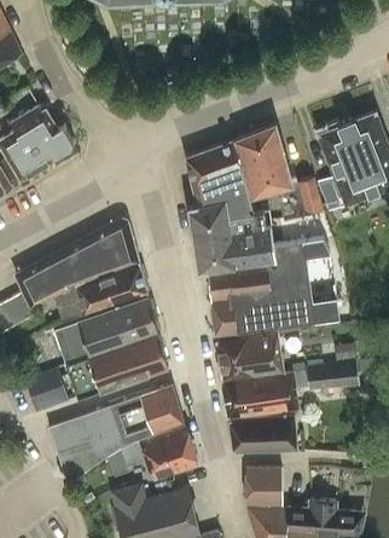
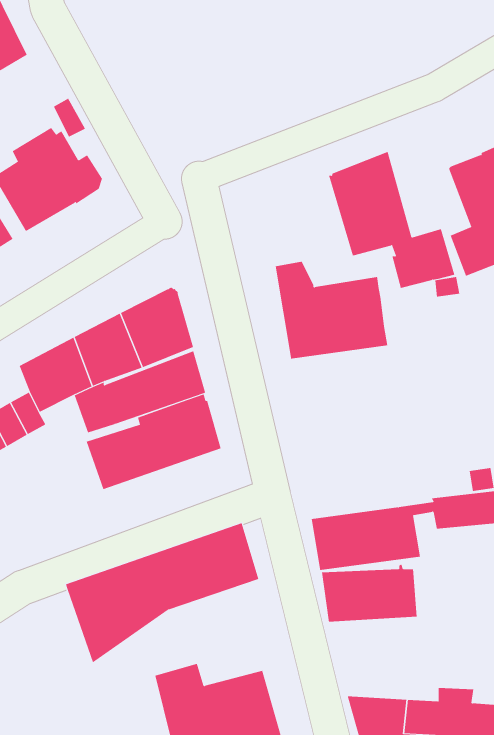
building: [186,140,254,218] -> none
building: [207,238,338,336] -> none
building: [66,334,168,399] -> none
building: [216,334,283,381] -> none
building: [29,378,69,412] -> none
building: [122,424,197,480] -> none
building: [245,468,283,505] -> none

